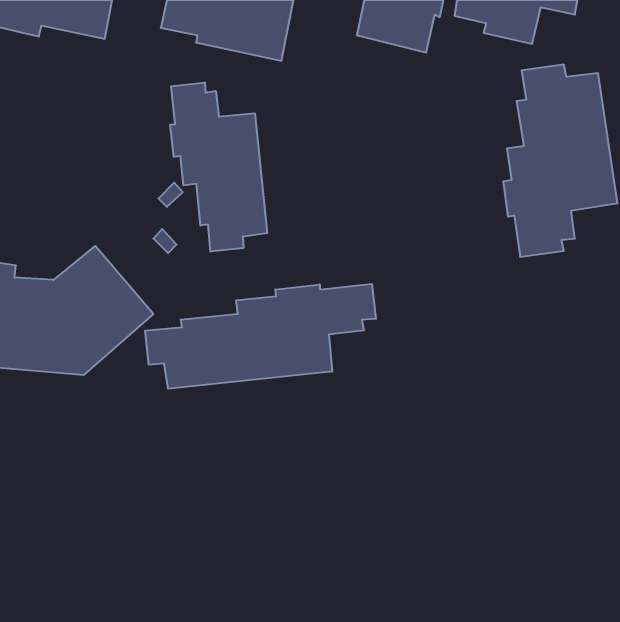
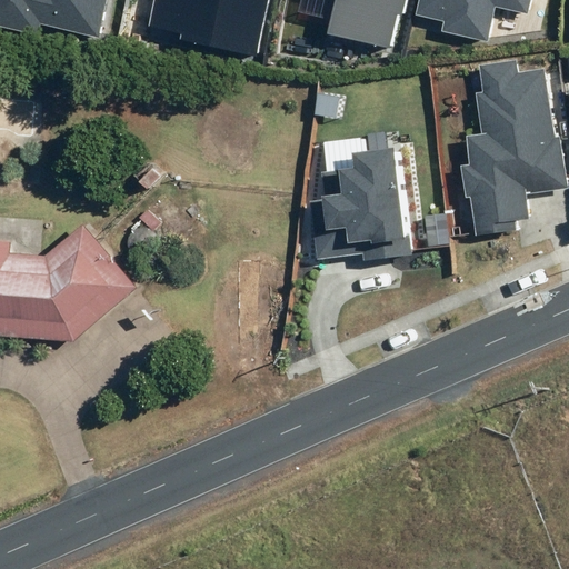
building: [170,82,267,252] -> none
building: none -> [308,149,411,260]
building: [145,284,376,389] -> none

